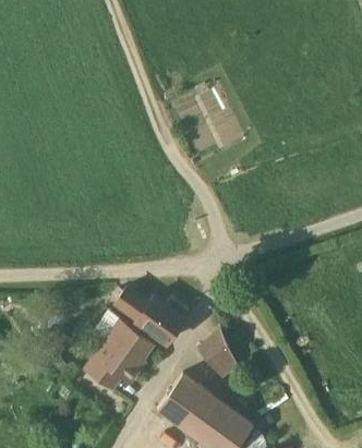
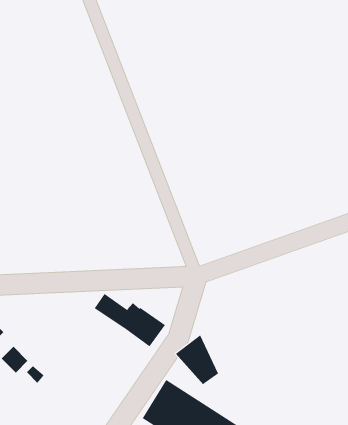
building: [83,323,153,393] -> none

